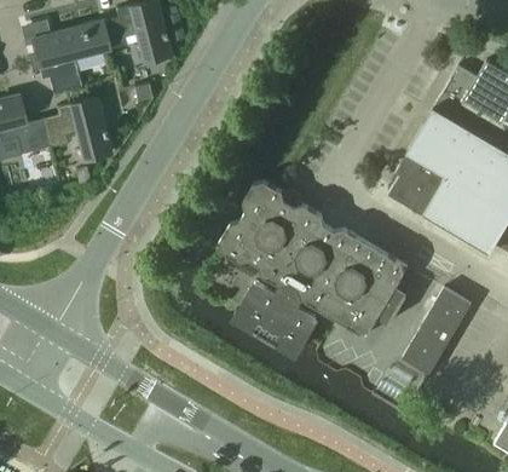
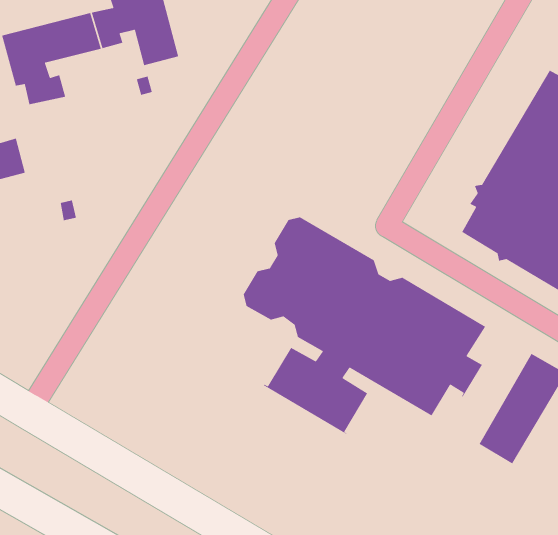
building: [42,99,110,162] -> none

